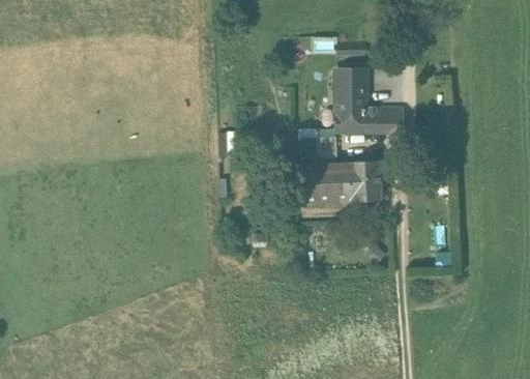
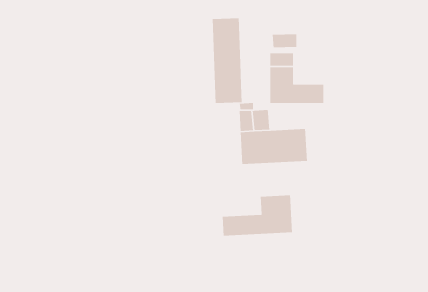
building: none -> [212,18,242,104]
building: none -> [222,195,293,237]

